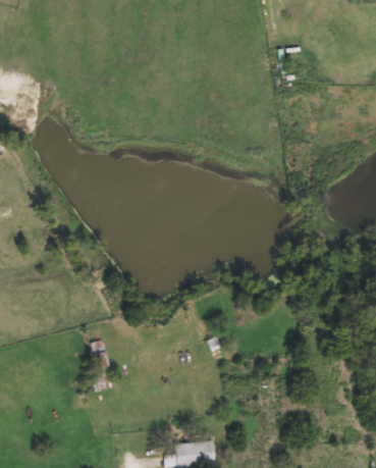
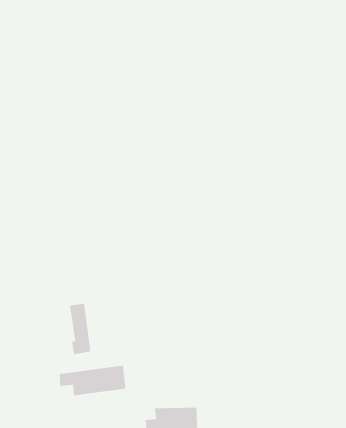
building: none -> [59,365,126,396]

